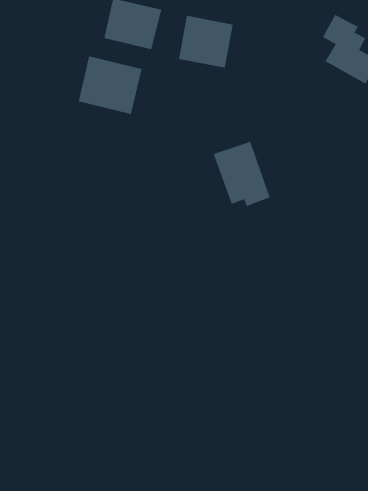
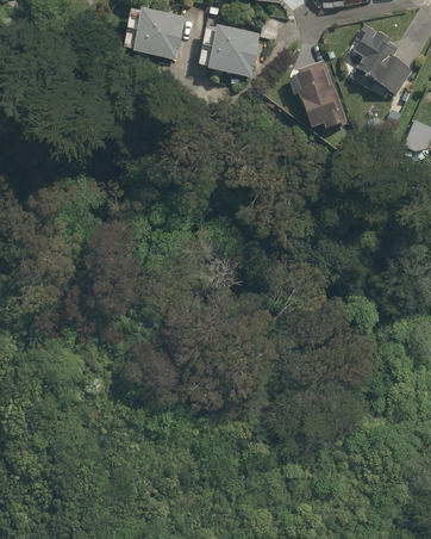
building: [78,56,142,115] -> none
building: [213,141,270,207] -> [287,60,346,128]

